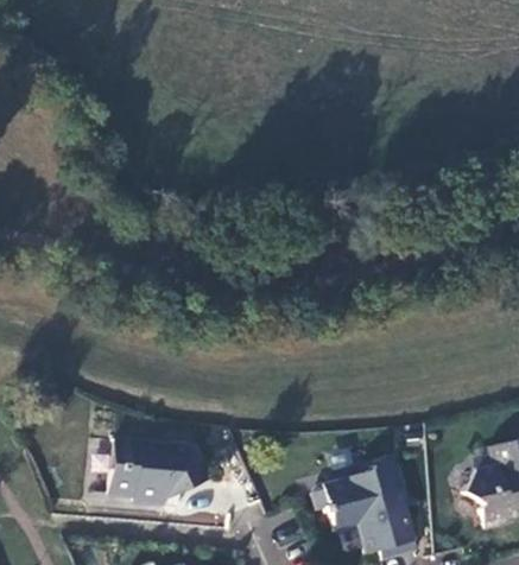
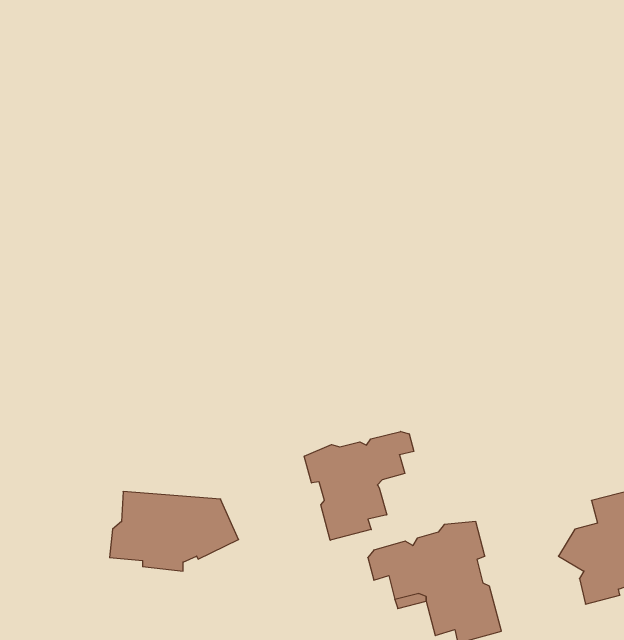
building: none -> [304,431,414,540]

